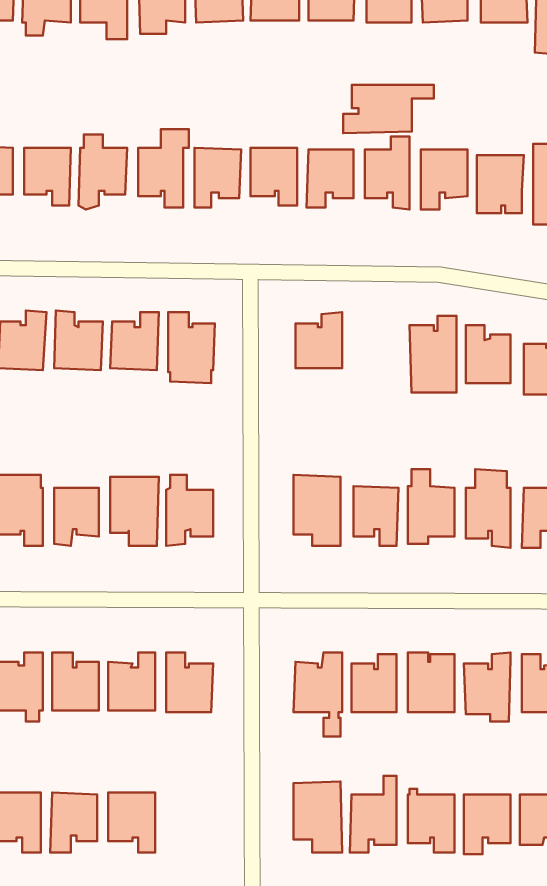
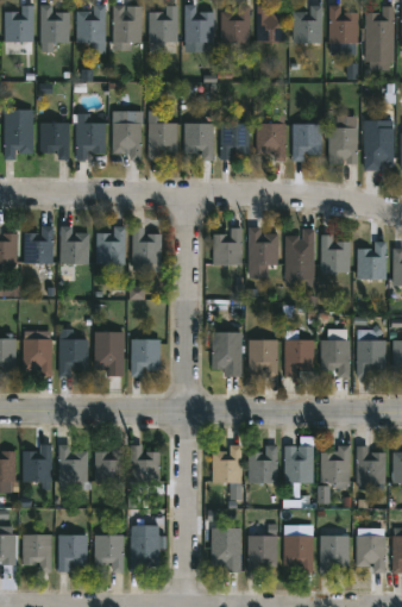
building: [343,85,434,133] -> none
building: none -> [249,227,278,277]
building: none -> [131,526,159,572]

